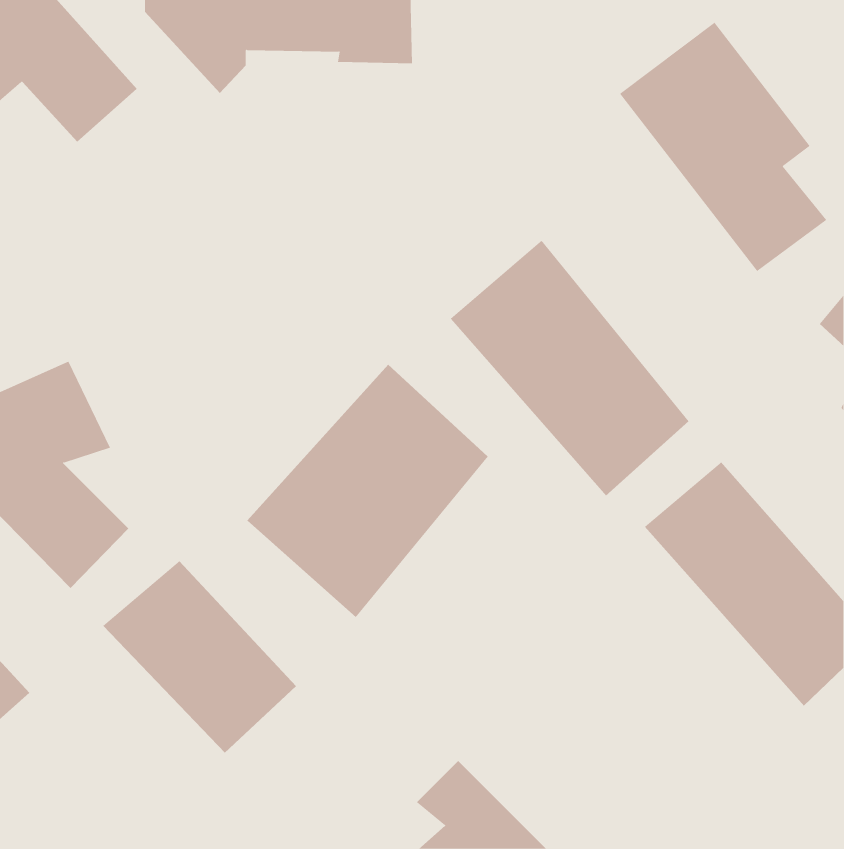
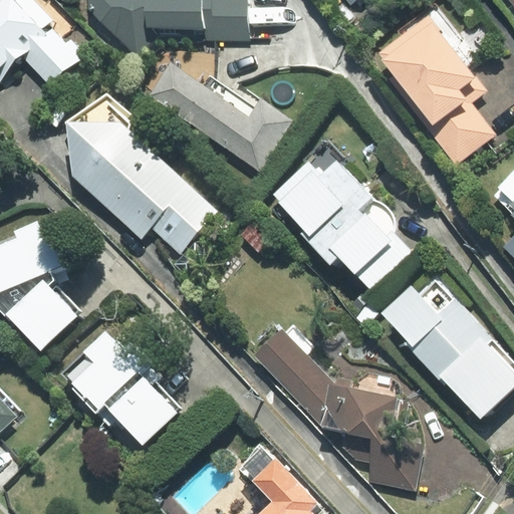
building: none -> [152,63,292,170]
building: none -> [70,122,216,250]
building: [246,364,488,618] -> none
building: none -> [252,326,426,492]

